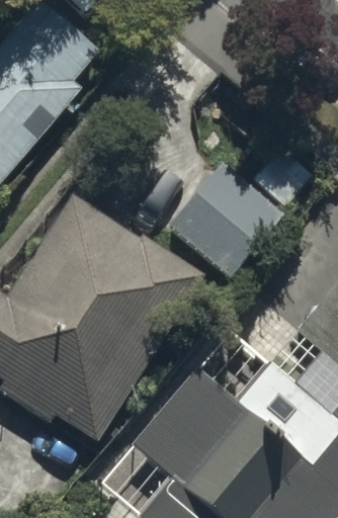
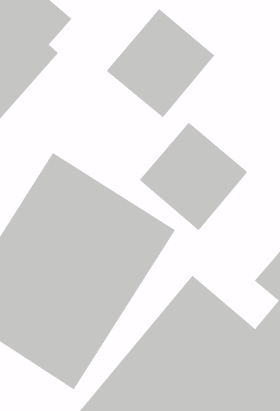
building: none -> [106,8,215,118]

